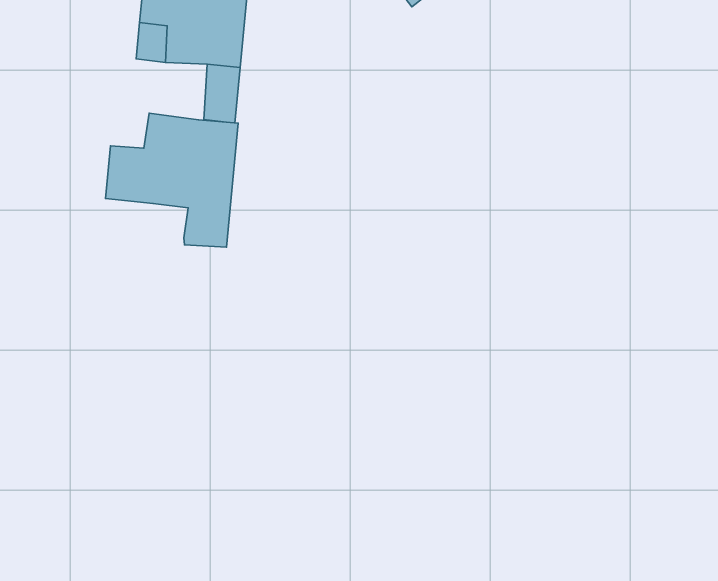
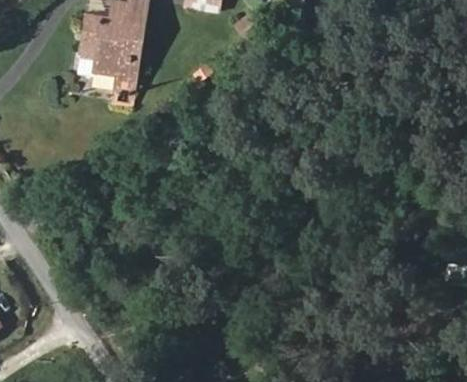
building: [106,113,238,247] -> none

